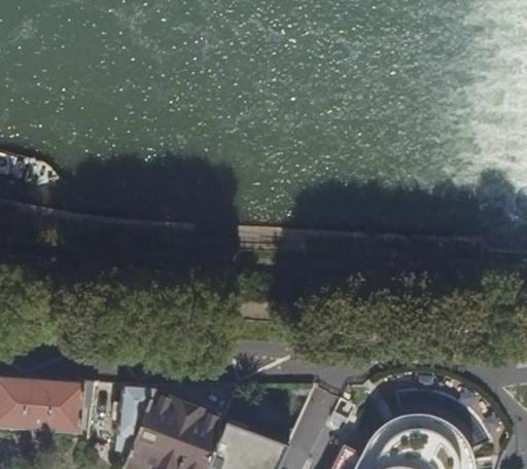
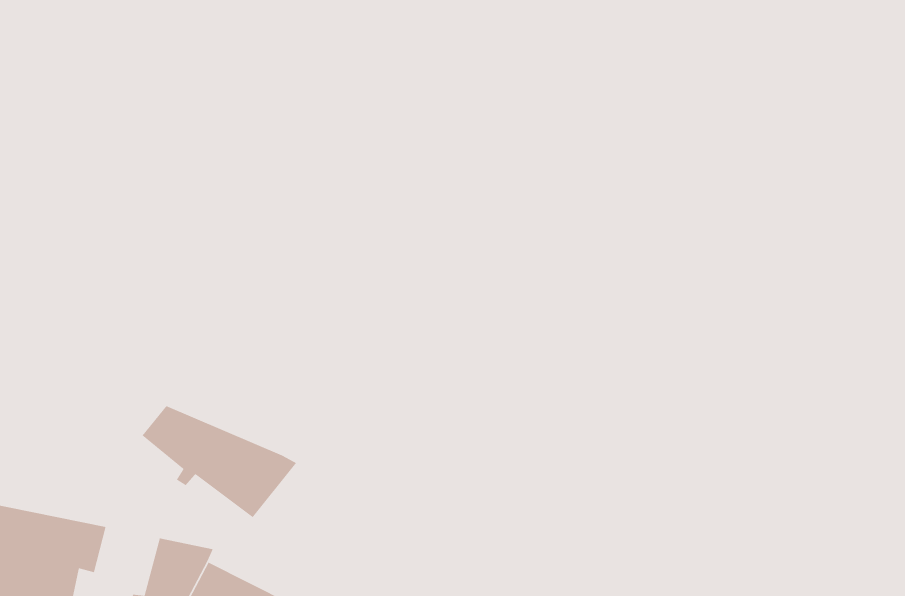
building: none -> [142,405,297,518]

